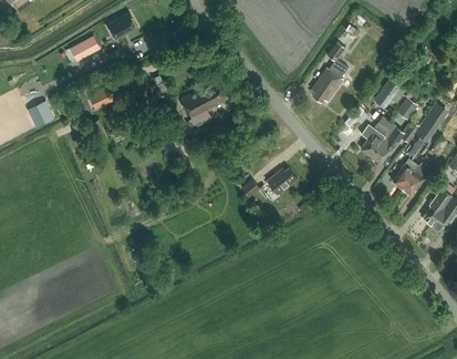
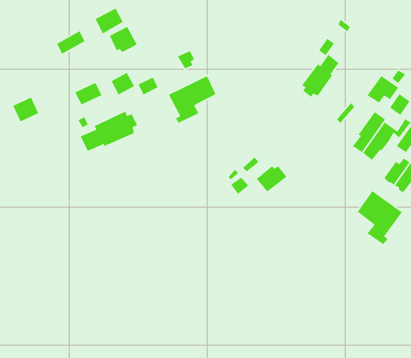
building: none -> [109,26,138,53]
building: none -> [80,111,138,152]
building: none -> [357,190,403,245]

